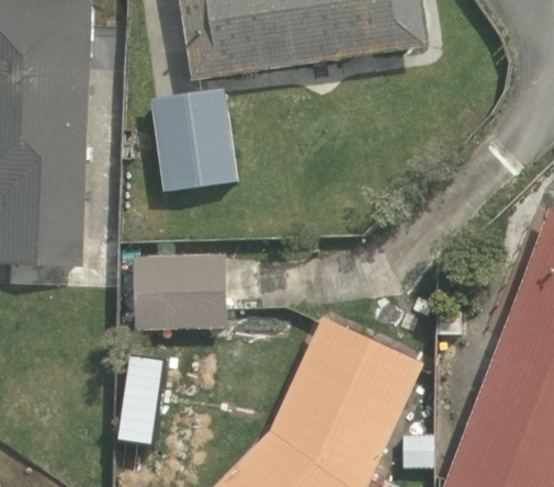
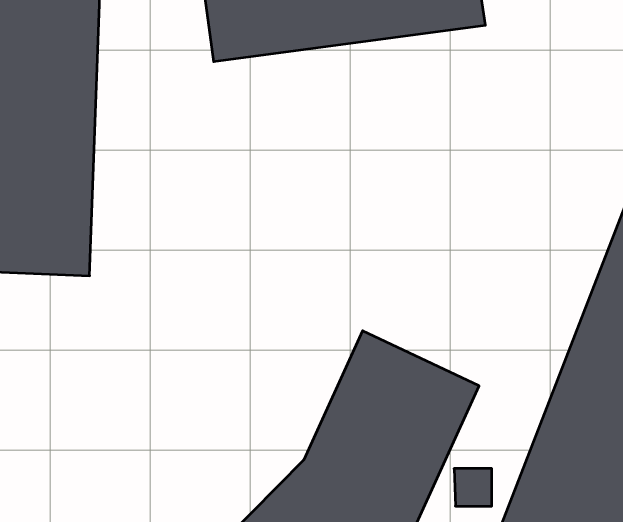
building: [150,89,237,192] -> none
building: [133,254,227,329] -> none

